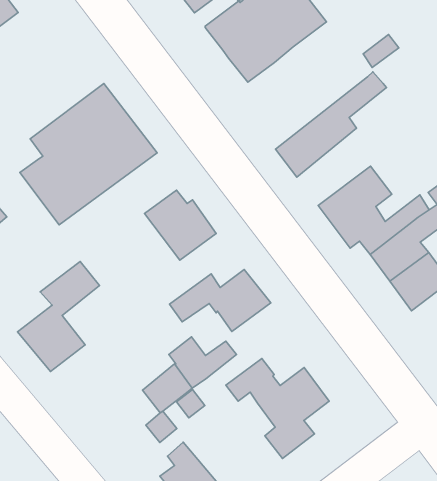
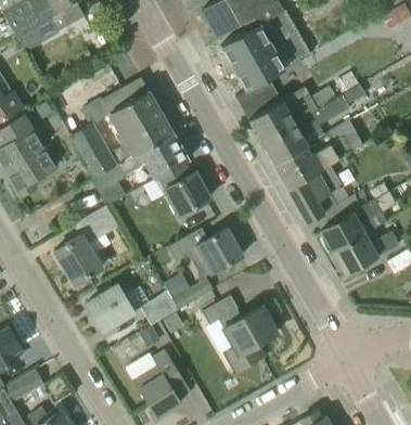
building: none -> [235,79,336,143]
building: none -> [274,121,362,189]
building: none -> [90,134,189,193]
building: none -> [86,286,132,332]

